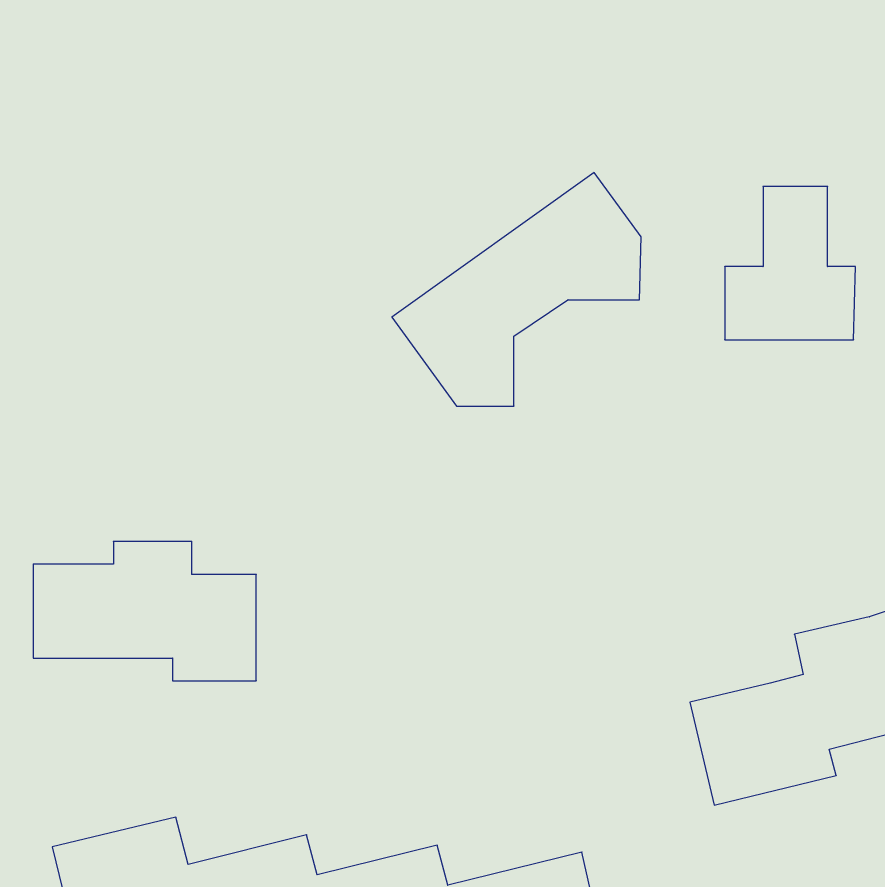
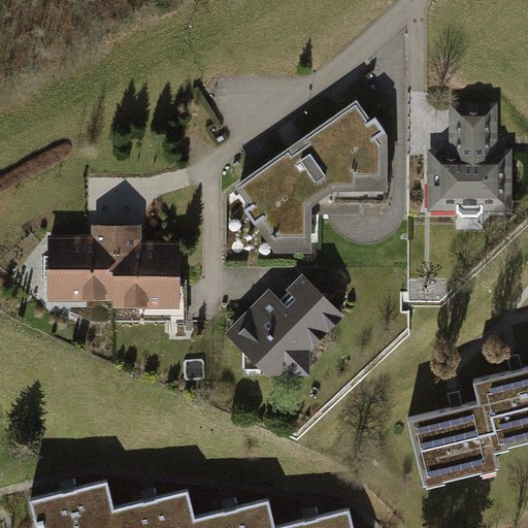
building: none -> [227,278,341,374]
building: [33,541,256,681] -> [47,226,179,308]

